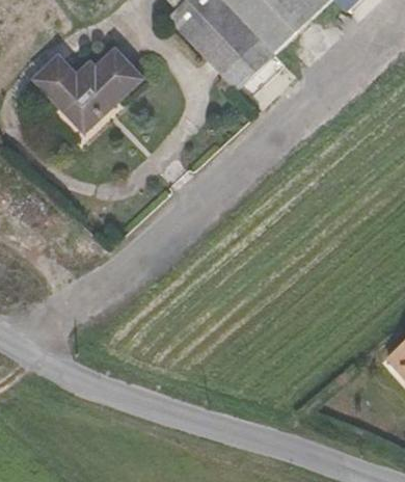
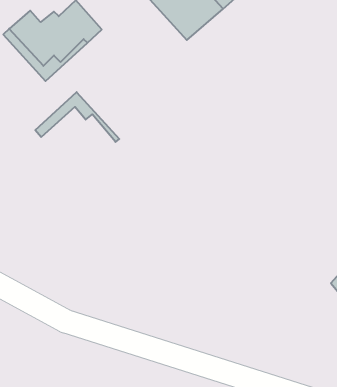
building: none -> [35,92,119,142]

